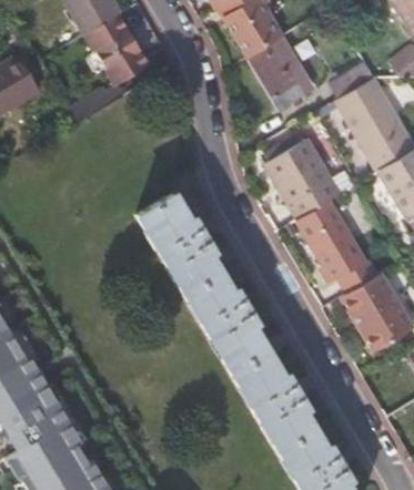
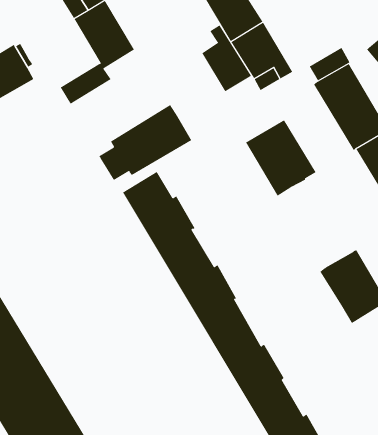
building: none -> [202,24,252,92]
building: none -> [98,104,192,181]
building: [295,200,376,293] -> none

